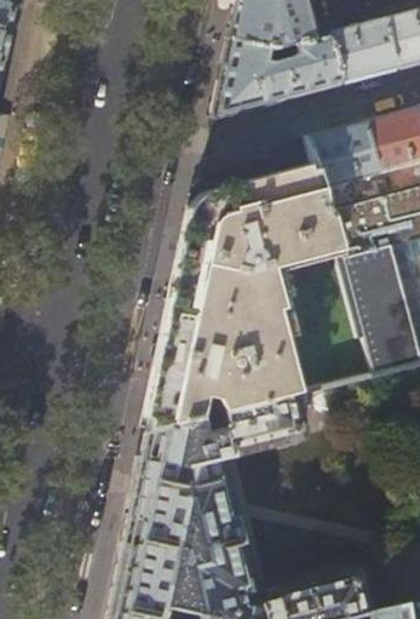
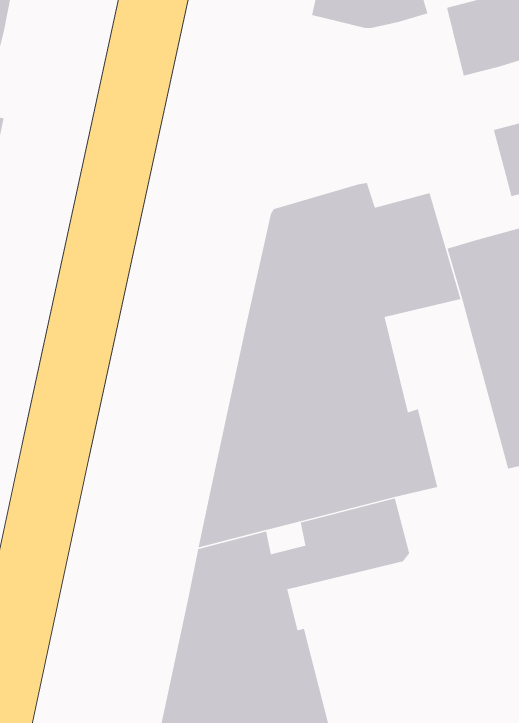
building: [218,35,345,119] -> none
building: [311,124,380,211] -> none

